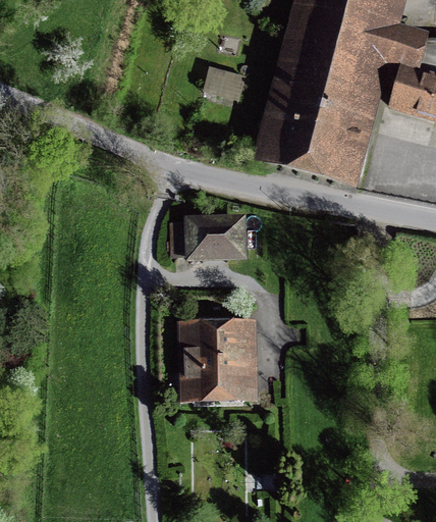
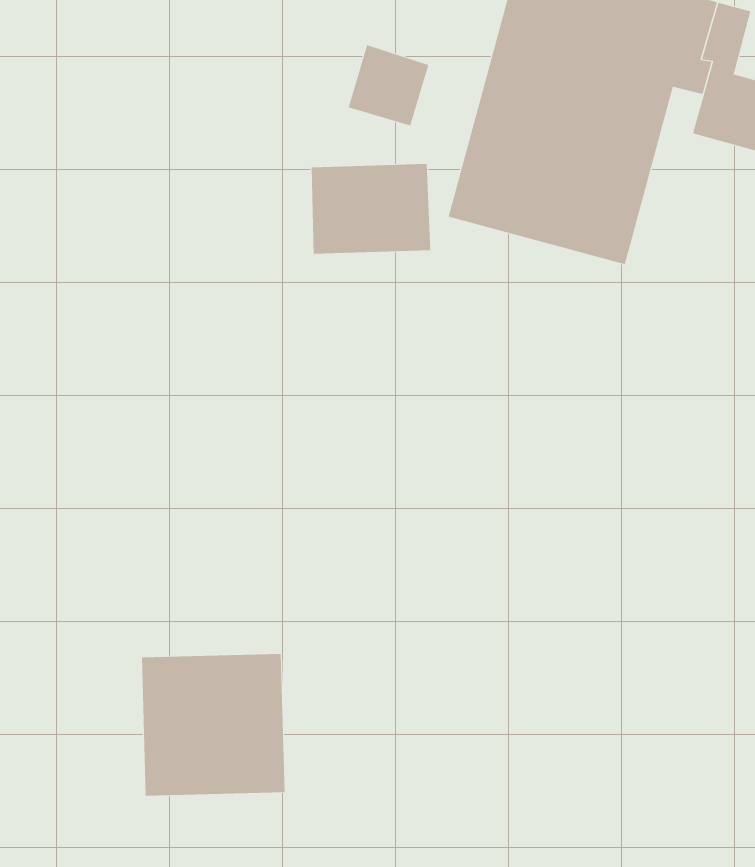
building: [184,213,251,263] -> [311,164,431,254]
building: [176,316,256,395] -> [141,654,285,796]

